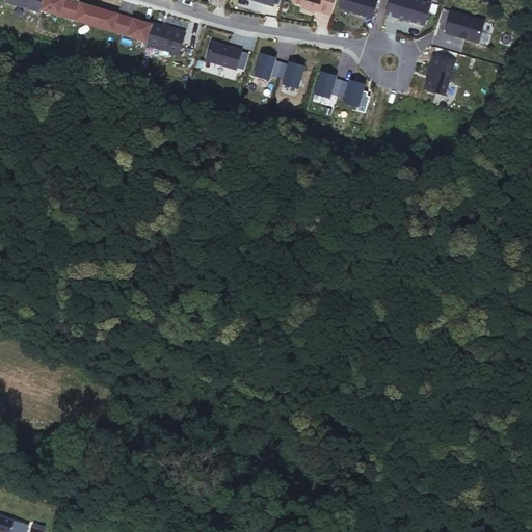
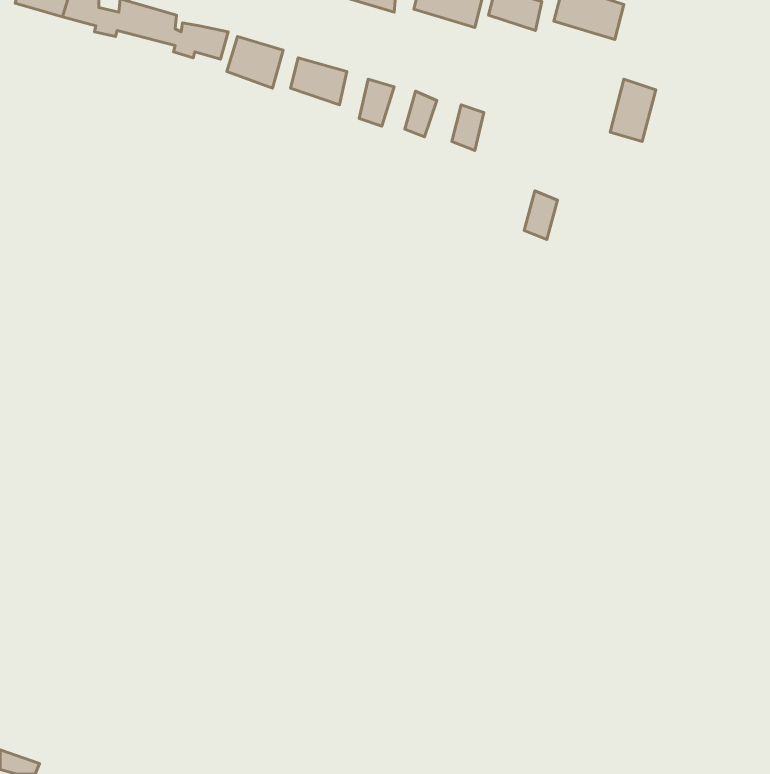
building: [441,11,483,48] -> none
building: [341,80,364,113] -> [524,191,558,240]

